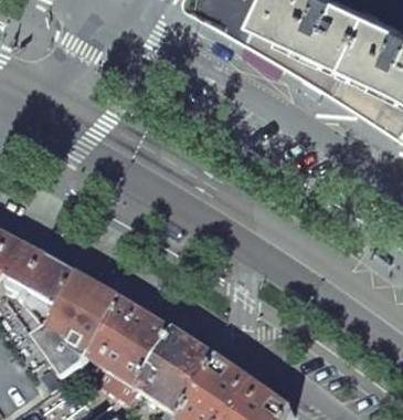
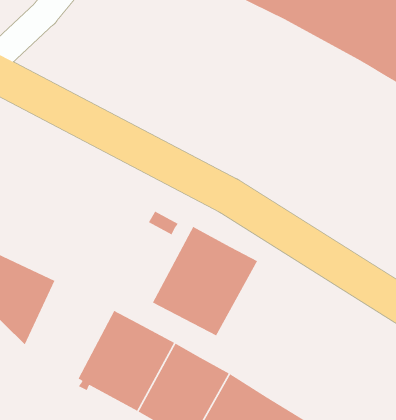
building: none -> [152,226,258,336]
building: [34,272,126,386] -> none

